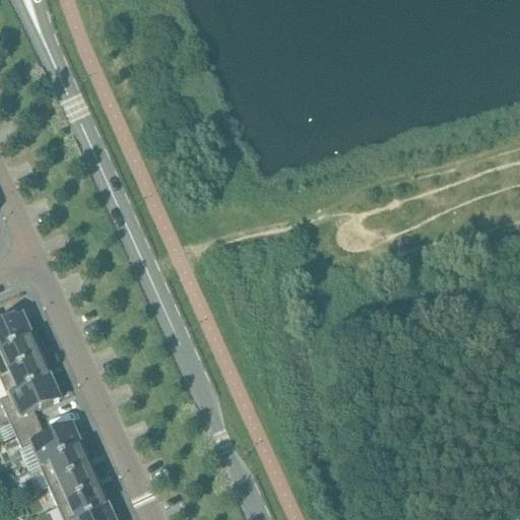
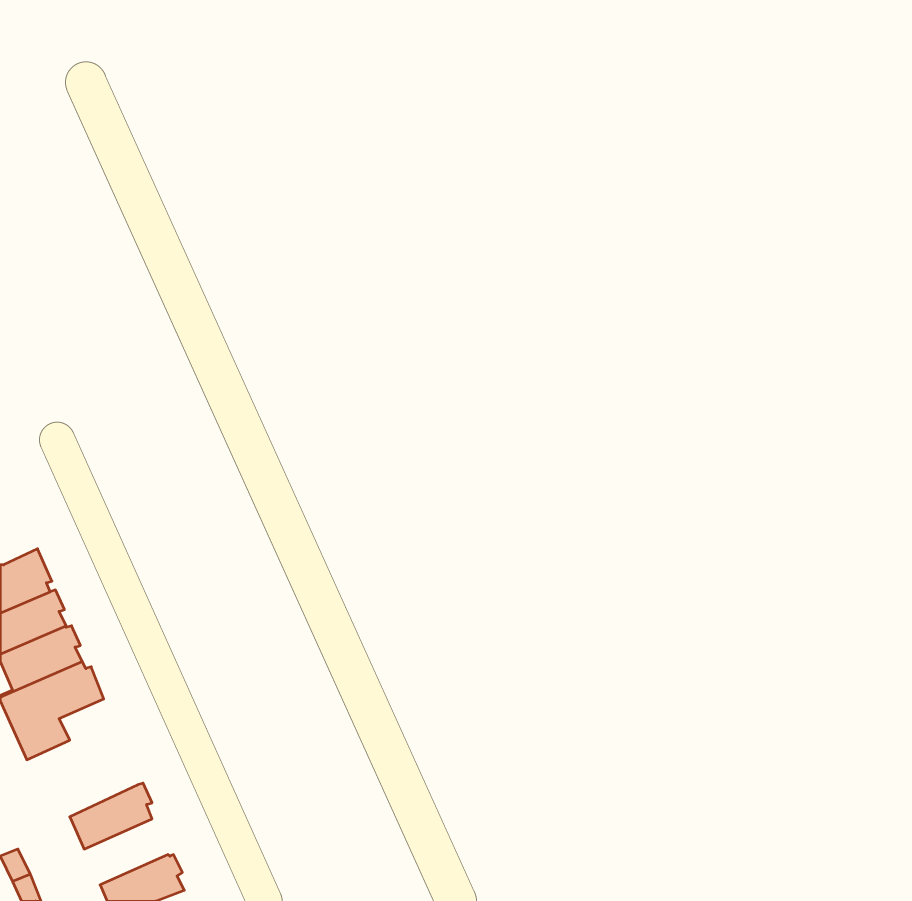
building: [16,420,80,464] -> none
building: [49,465,96,503] -> none

